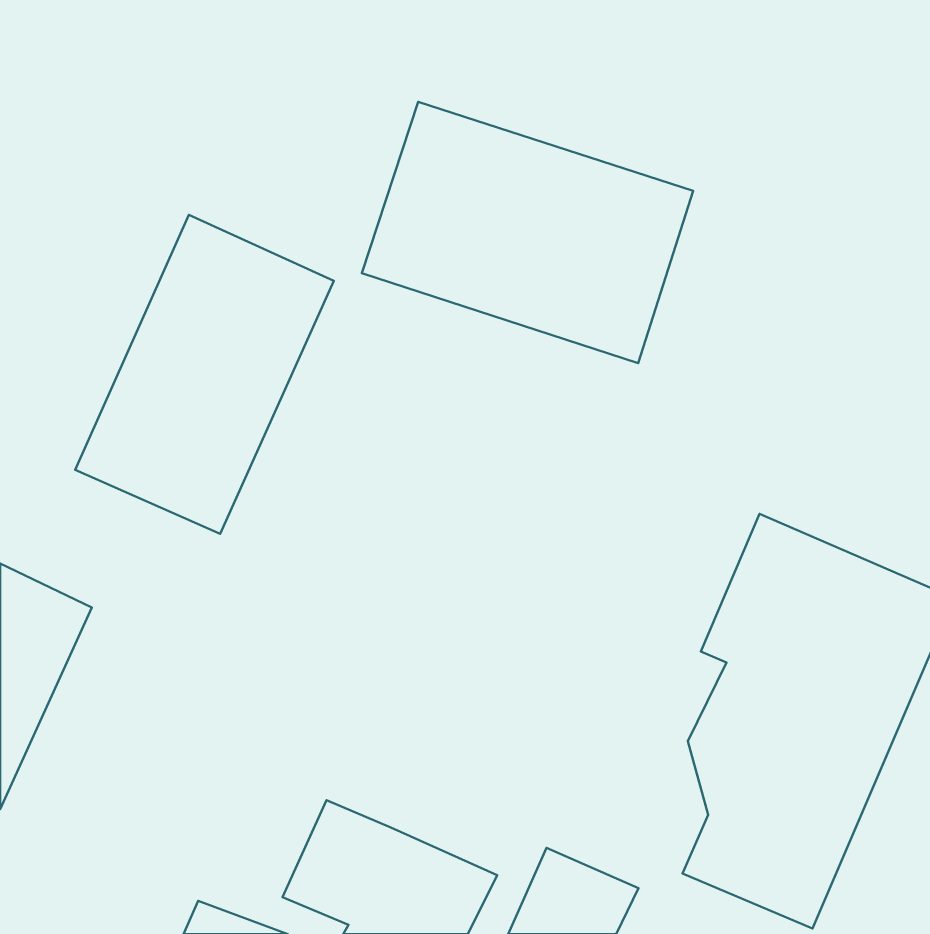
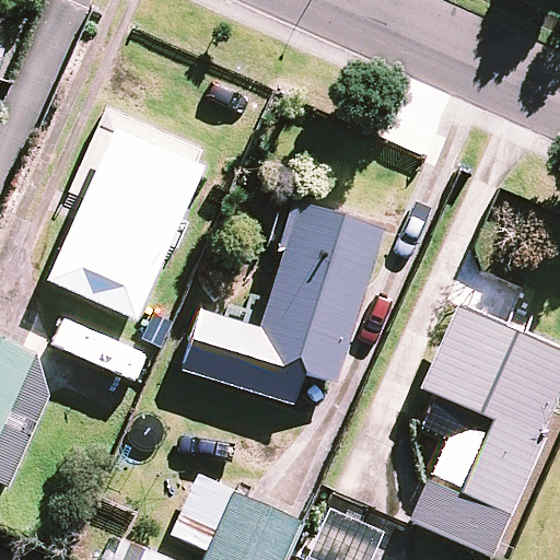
building: [362,102,693,363] -> none
building: none -> [185,205,384,402]

